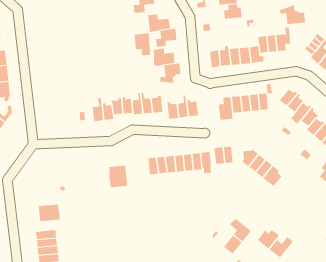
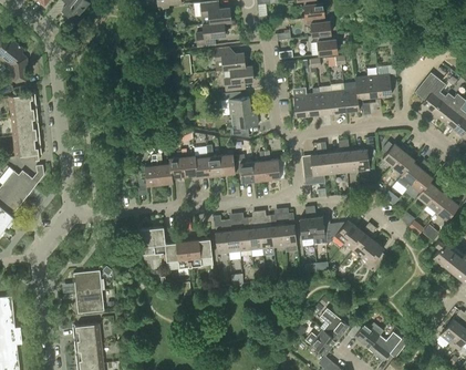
building: [279,4,306,25] -> none
building: [134,32,151,56] -> none
building: none -> [139,226,166,255]
building: none -> [187,238,213,267]
building: none -> [73,270,102,292]

